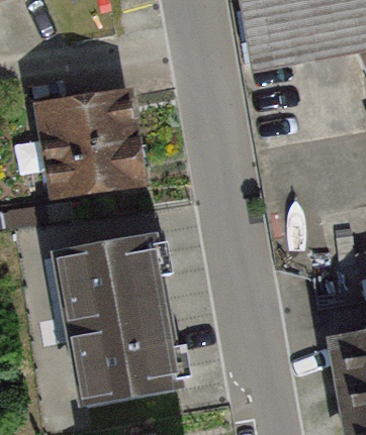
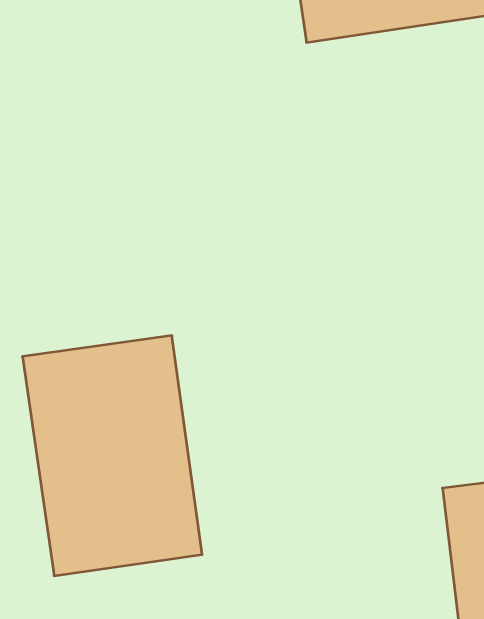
building: [41,98,139,196] -> none

